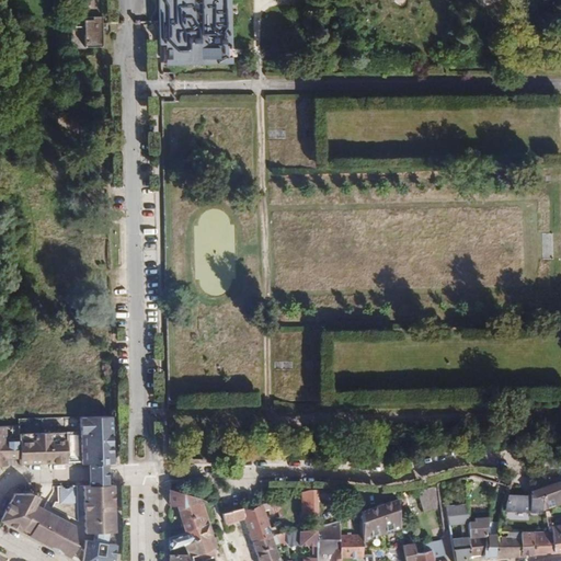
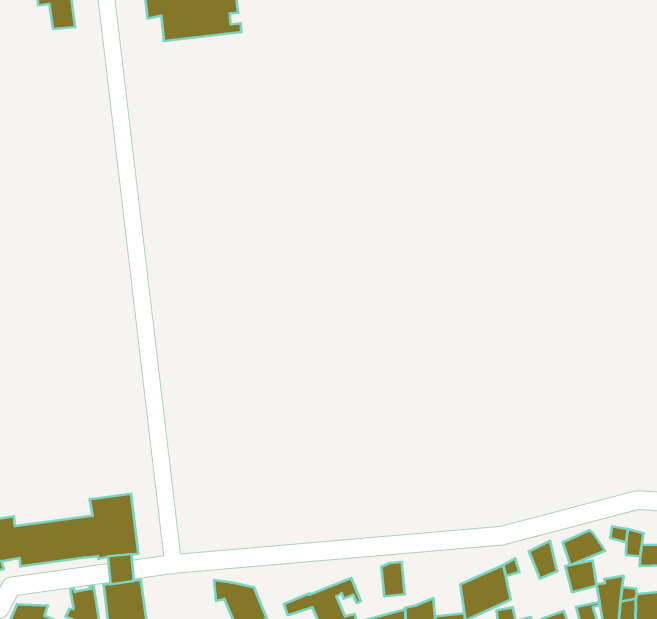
building: none -> [563,530,605,565]

